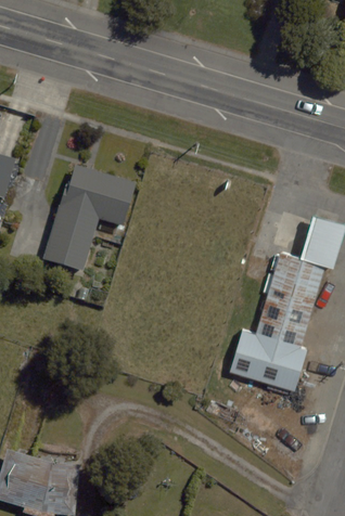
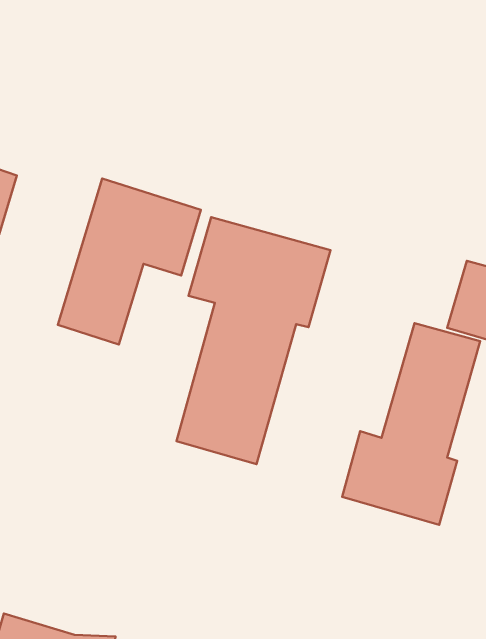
building: none -> [176,217,330,464]

